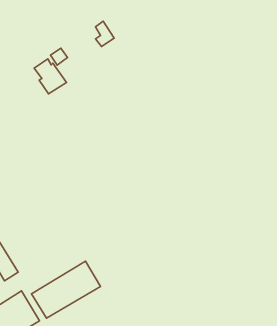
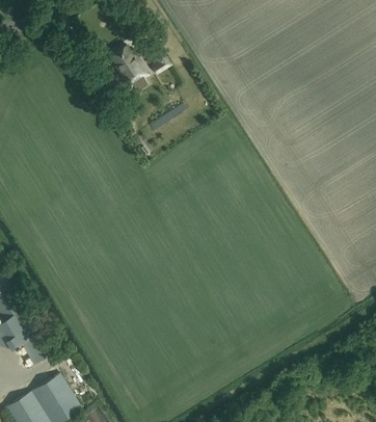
building: [34,59,66,94] -> [107,47,146,89]
building: [32,261,101,318] -> none

